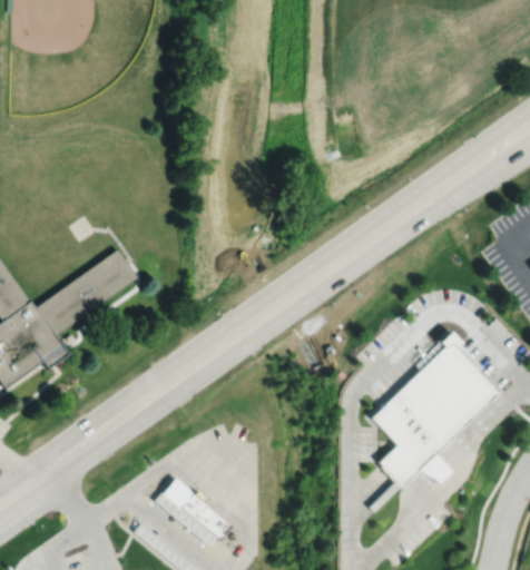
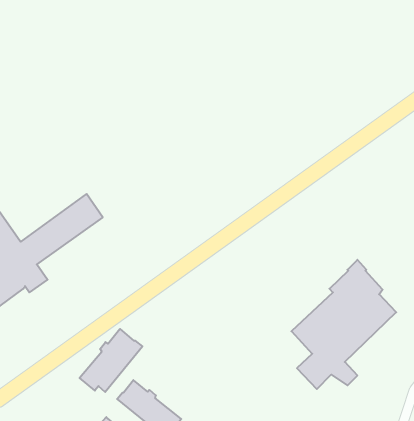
building: none -> [80,329,142,392]

